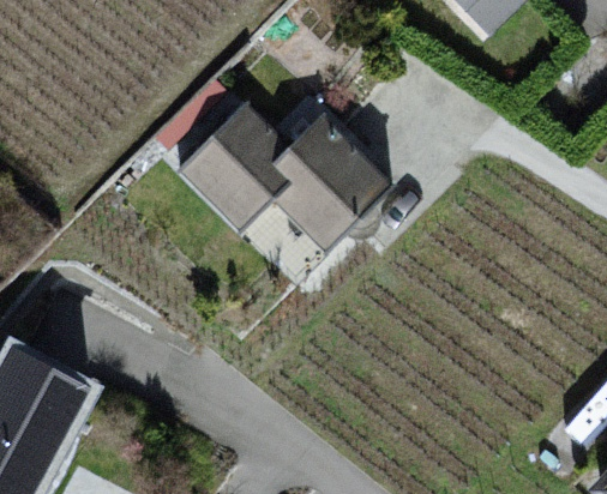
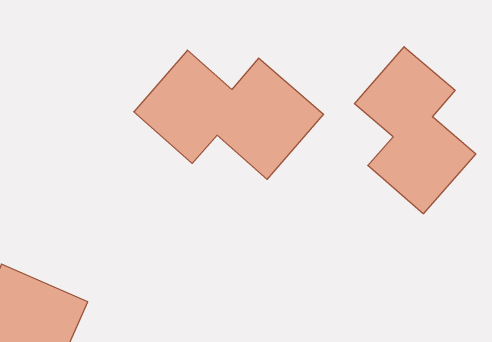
building: none -> [354,47,476,214]

